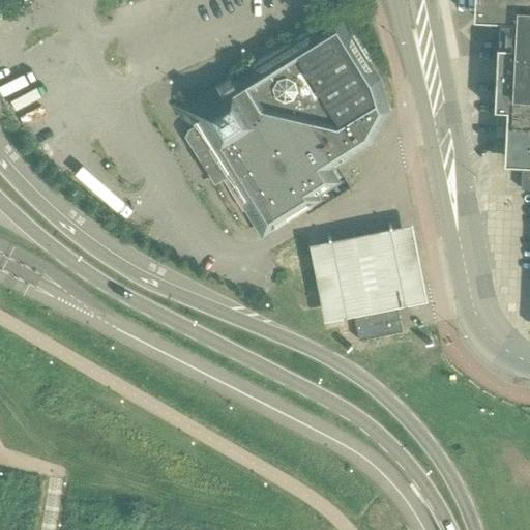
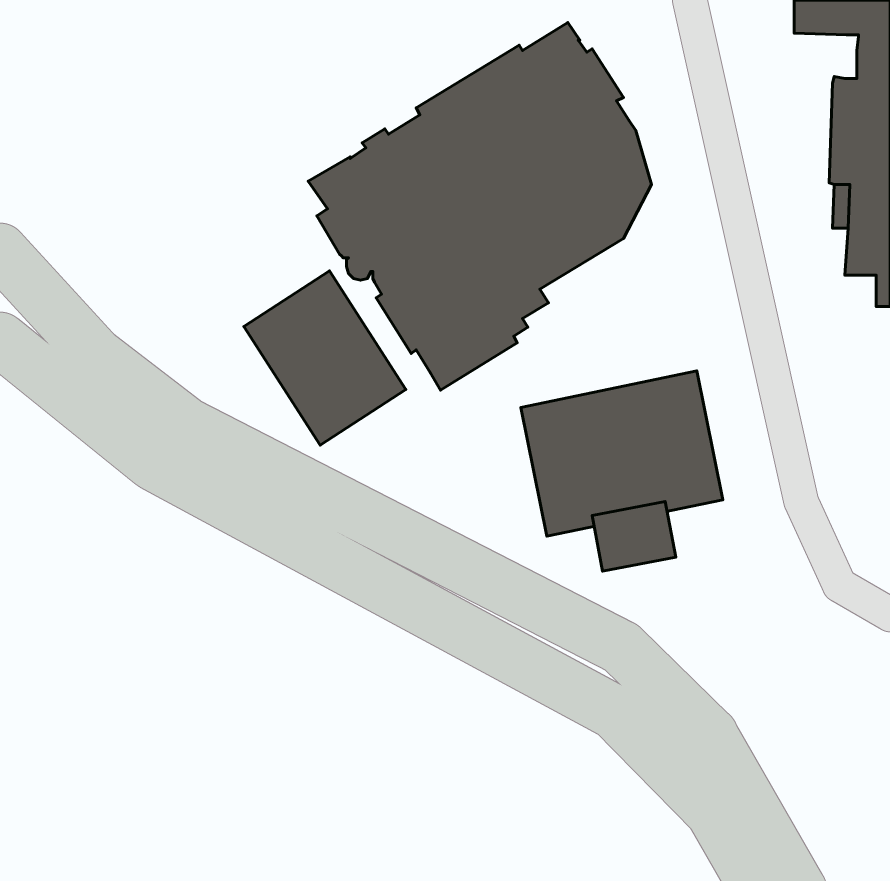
building: none -> [244,271,406,445]

